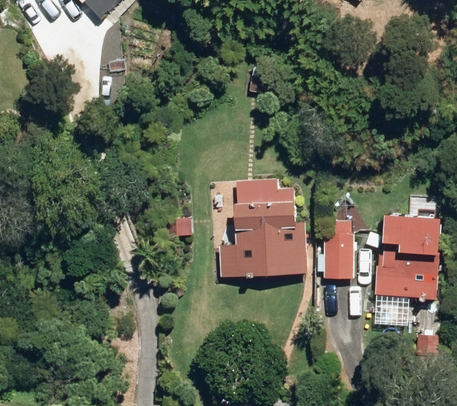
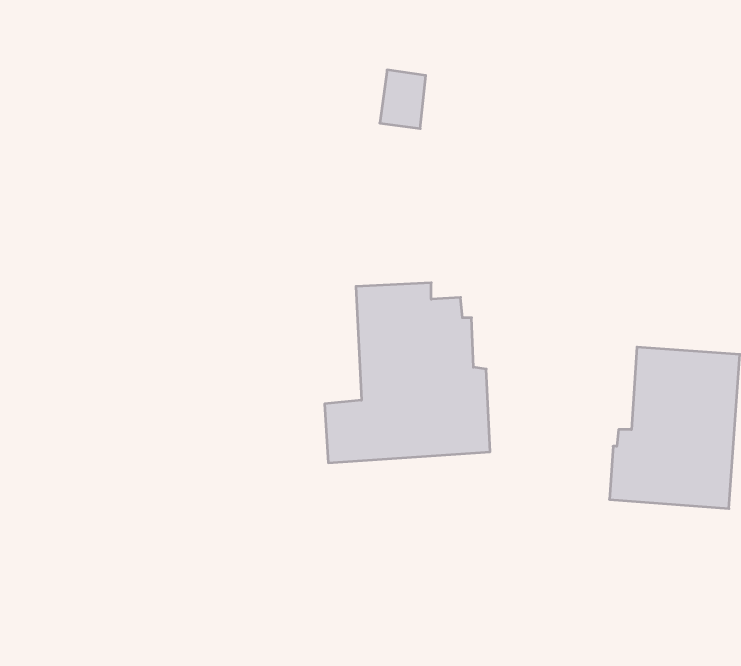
building: [322,231,352,277] -> none

